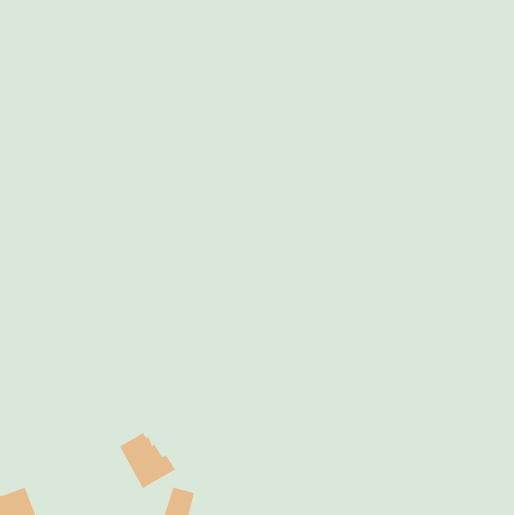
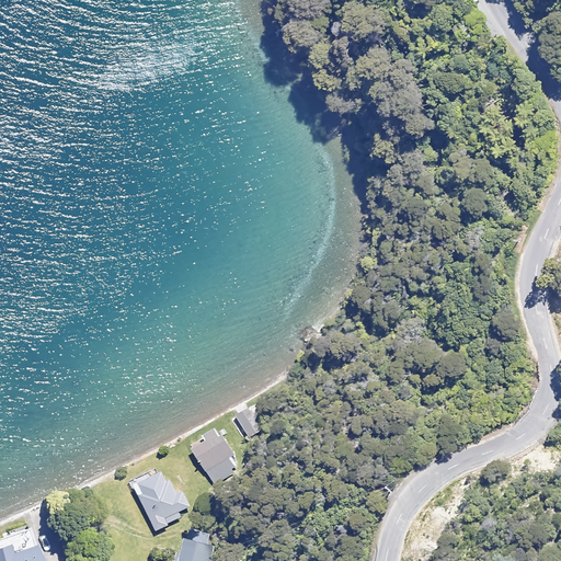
building: none -> [234,408,264,437]
building: none -> [188,430,238,484]

